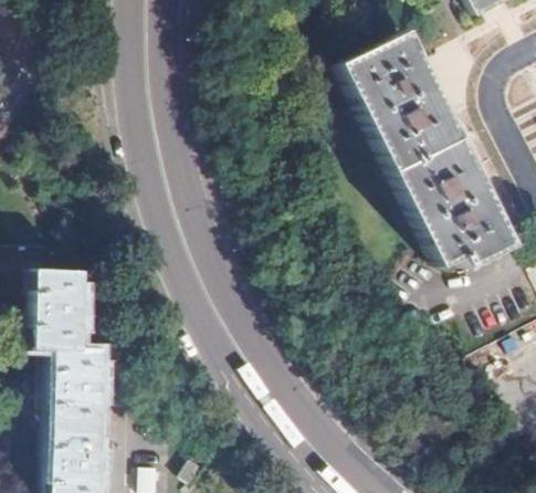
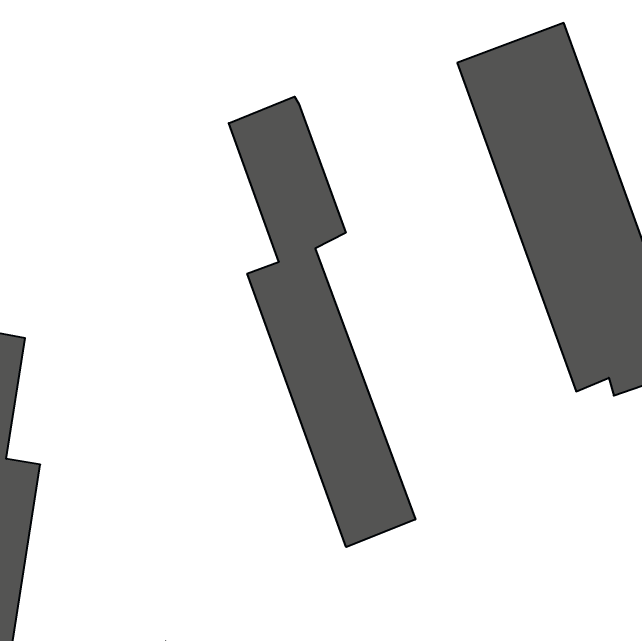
building: none -> [229,97,415,547]

